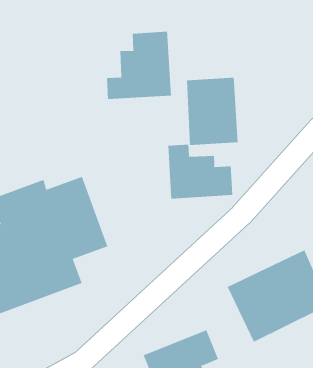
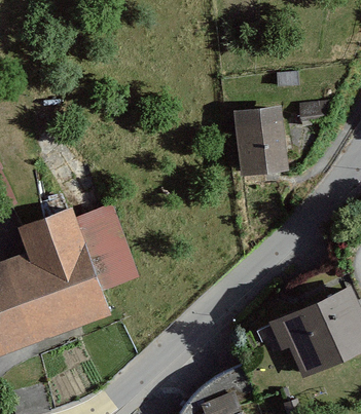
building: [106,31,171,100] -> none
building: [168,144,233,199] -> none

